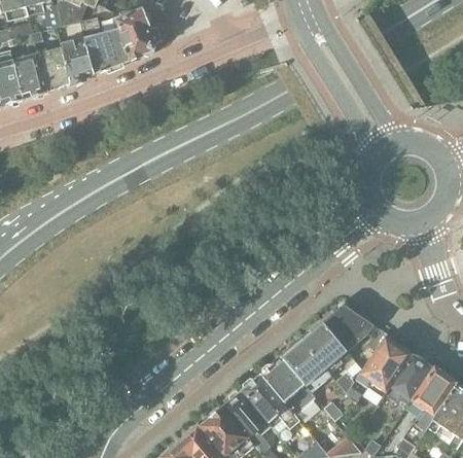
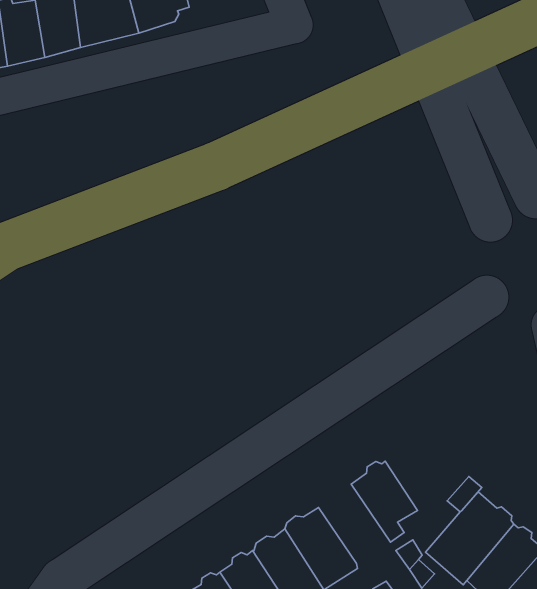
building: [322,302,373,352] -> none
building: [281,340,331,391] -> none

